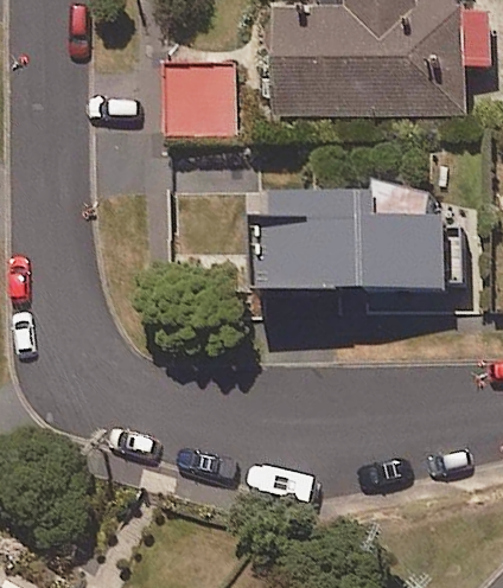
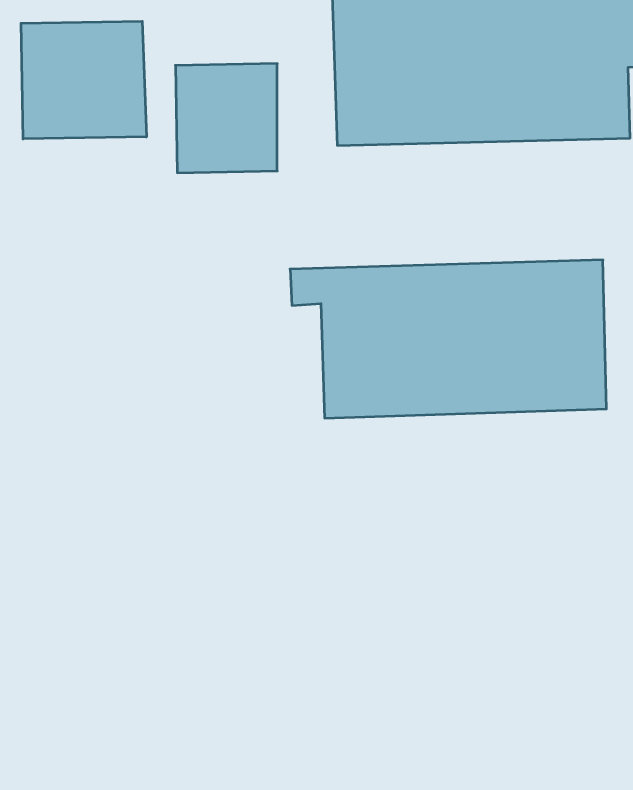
building: none -> [21,21,146,139]

